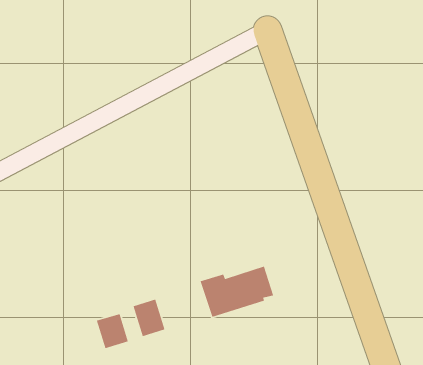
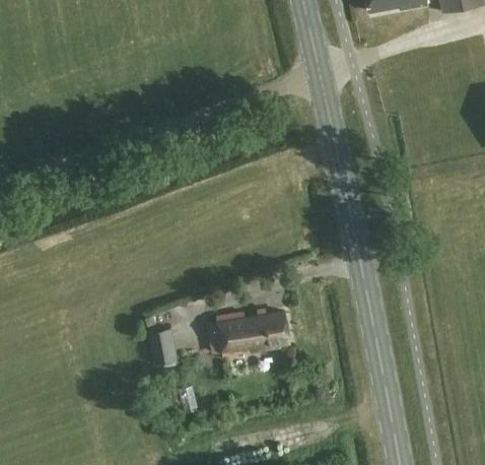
building: [96,313,129,349] -> none

